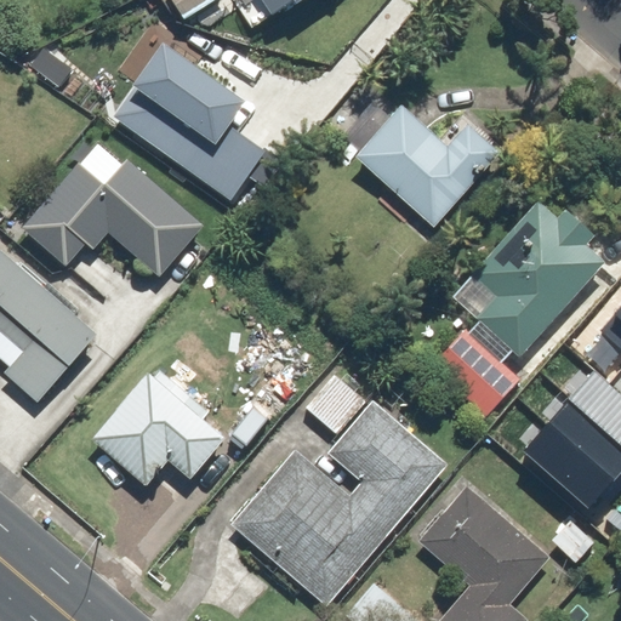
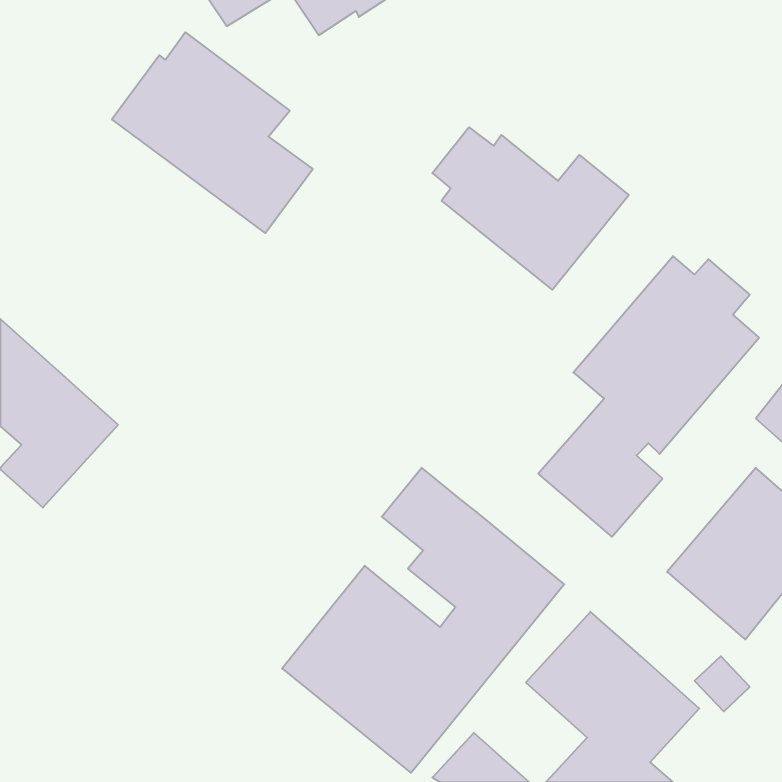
building: [21,159,201,277] -> none
building: [90,366,224,486] -> none

